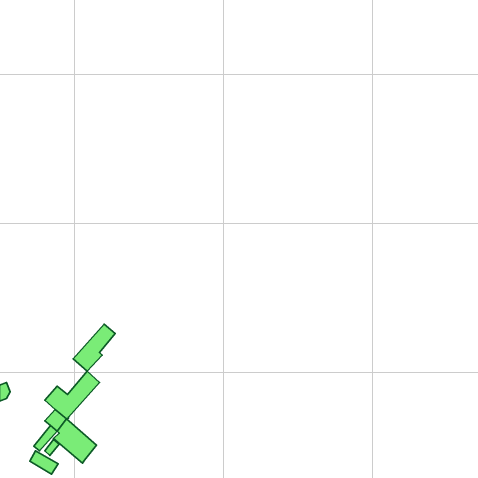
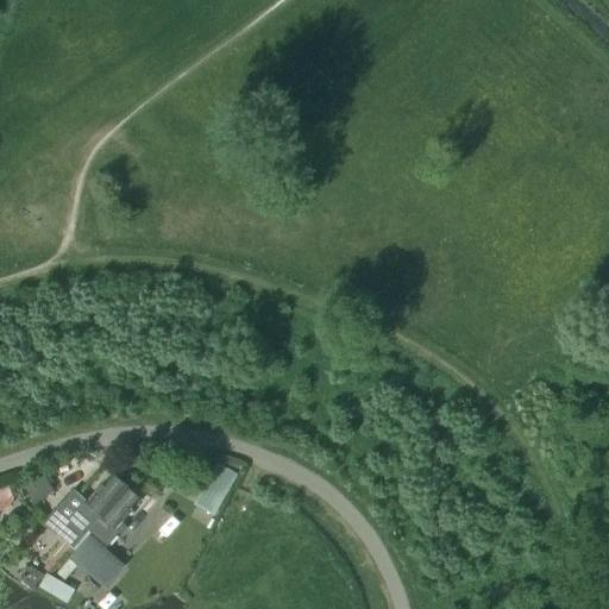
building: [73,324,115,371] -> [87,485,140,545]
building: none -> [194,459,238,513]

